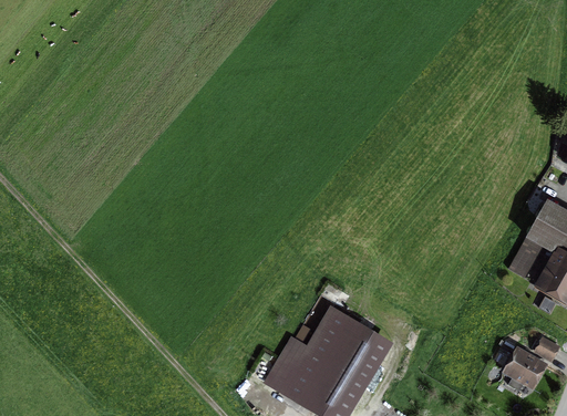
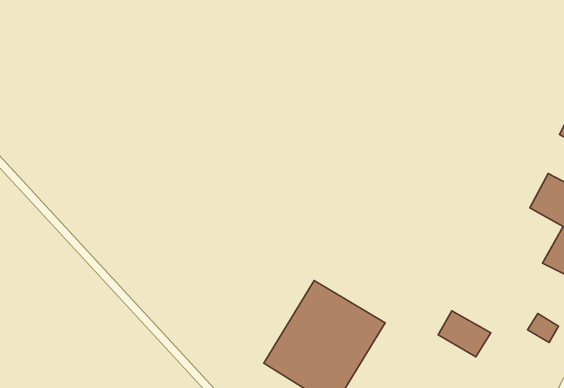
building: [511,236,546,278] -> none
building: [496,349,547,393] -> [438,311,491,357]

